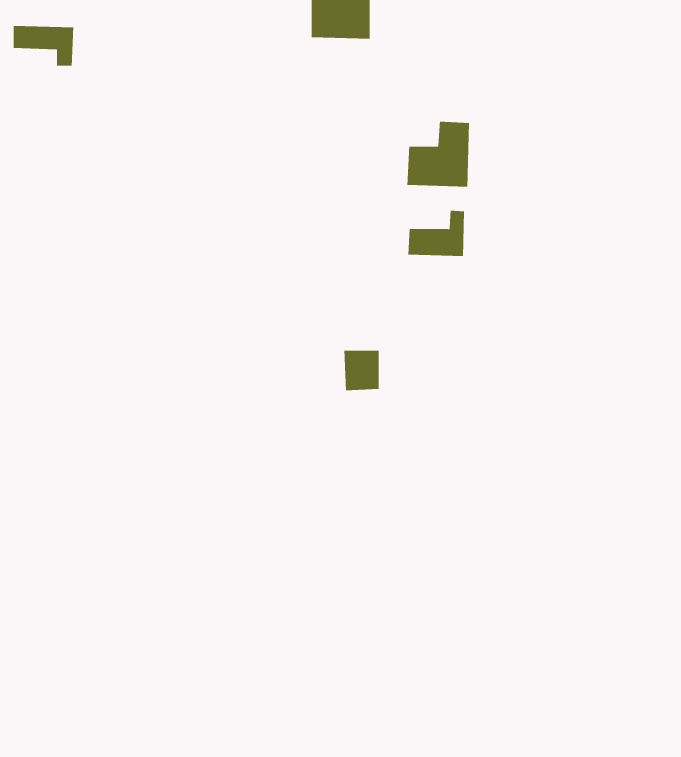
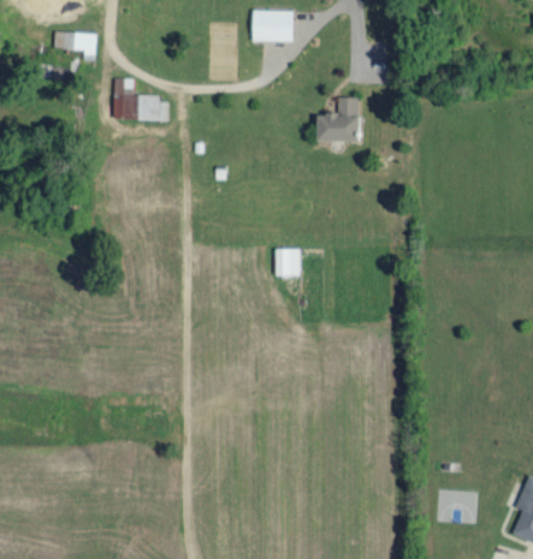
building: none -> [112,78,167,120]
building: [408,210,465,257] -> none

